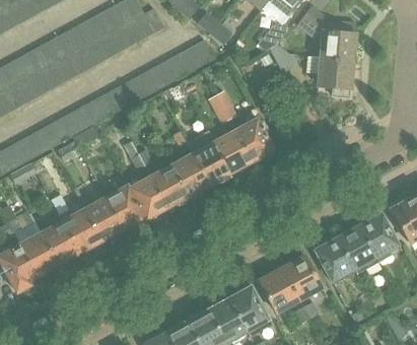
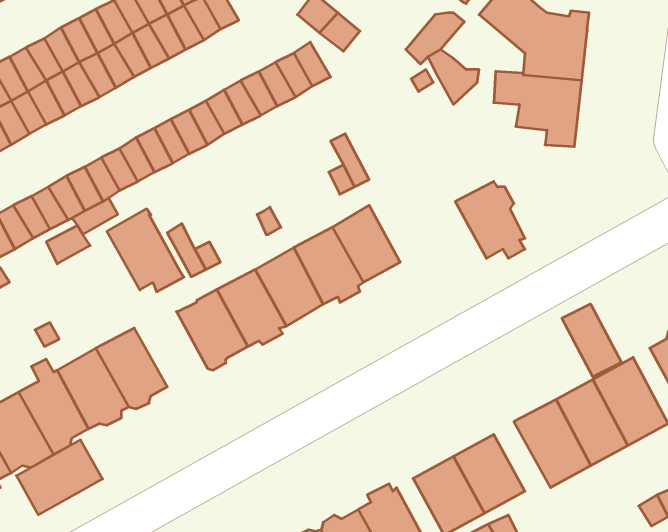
building: [235,118,274,160] -> [455,181,525,258]
building: none -> [562,304,621,377]
building: [106,185,148,230] -> [107,209,184,292]
building: none -> [16,440,103,515]

